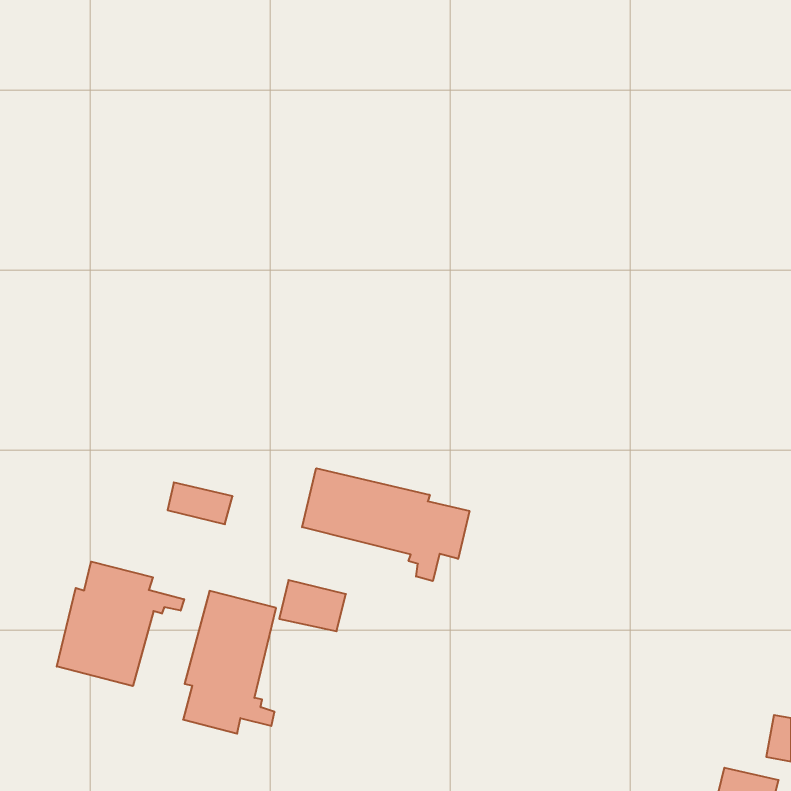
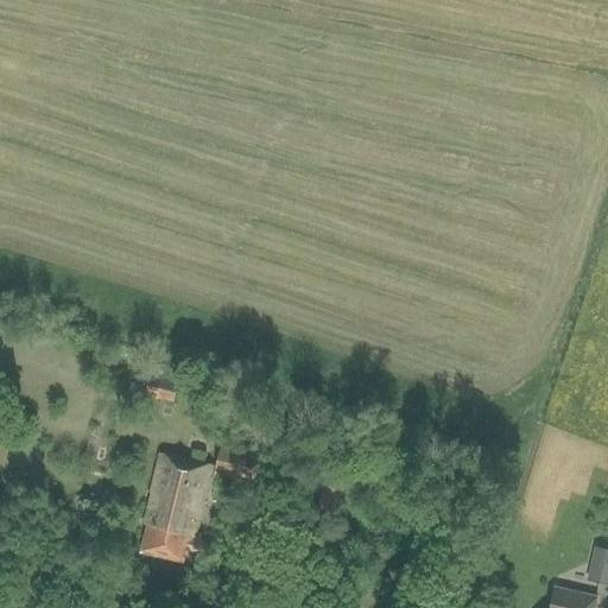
building: [302,468,469,581] -> none
building: [57,562,184,686] -> none

